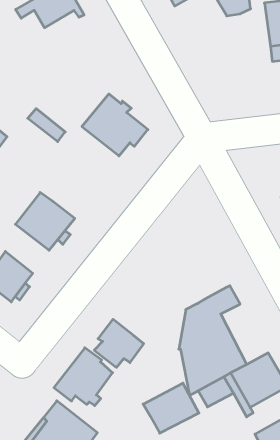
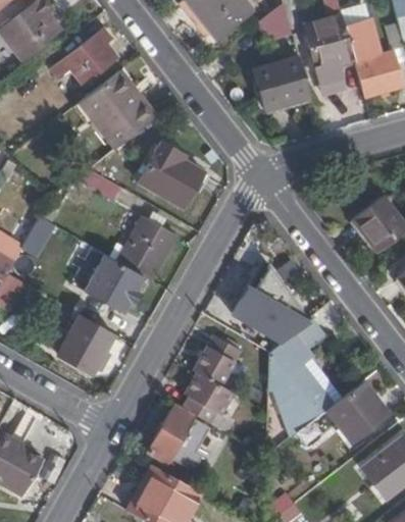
building: none -> [80,71,155,147]
building: none -> [256,60,310,109]
building: none -> [118,216,176,279]
building: none -> [233,265,311,344]
building: none -> [197,335,243,386]
building: [143,383,199,433] -> none

